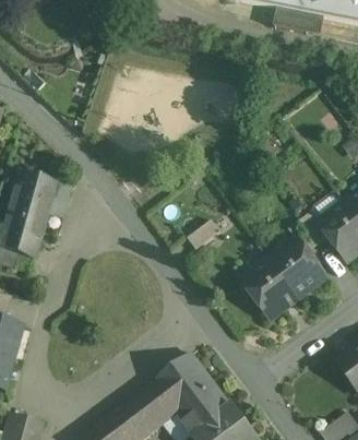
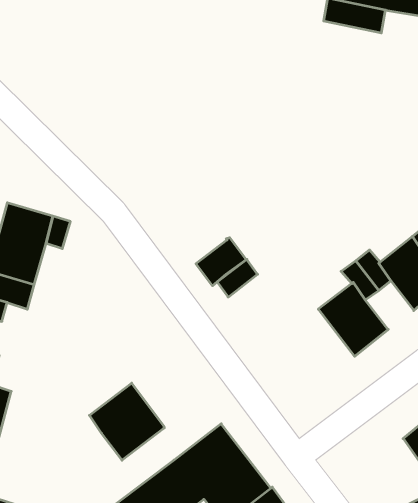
building: none -> [196,238,246,286]
building: [242,259,299,318] -> none
building: none -> [89,383,164,460]

